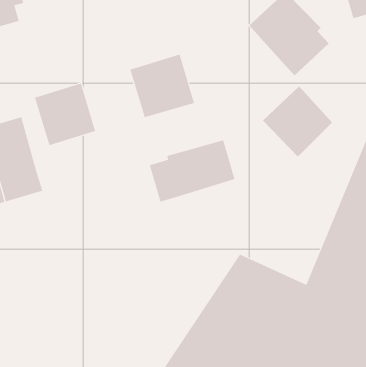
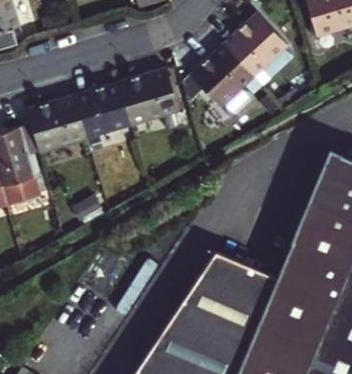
building: none -> [74,85,130,141]
building: [262,86,333,157] -> [191,45,254,110]
building: [149,139,235,203] -> none

